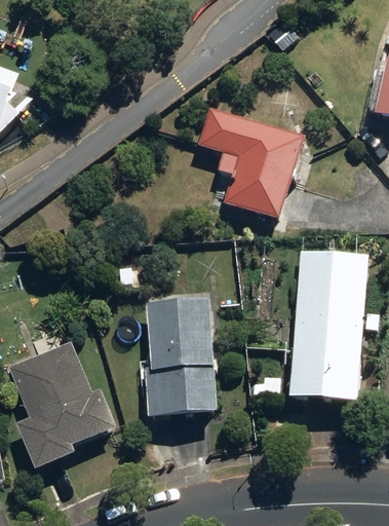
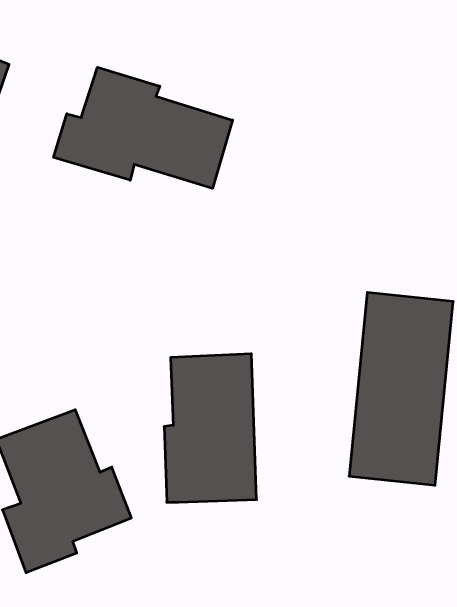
building: none -> [54,67,233,188]
building: [198,106,306,220] -> none

